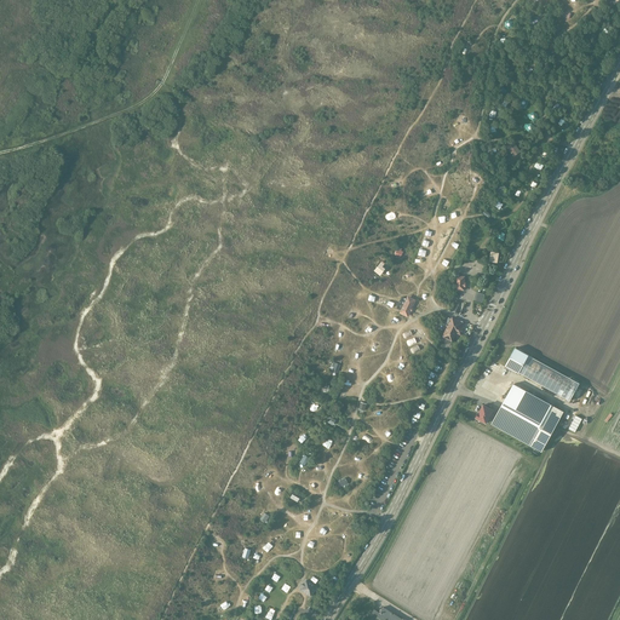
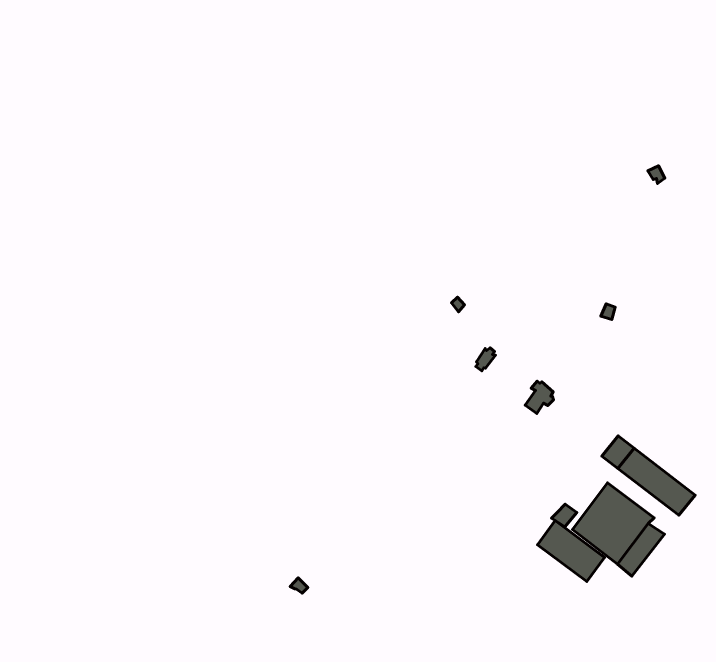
building: none -> [537,521,604,582]

